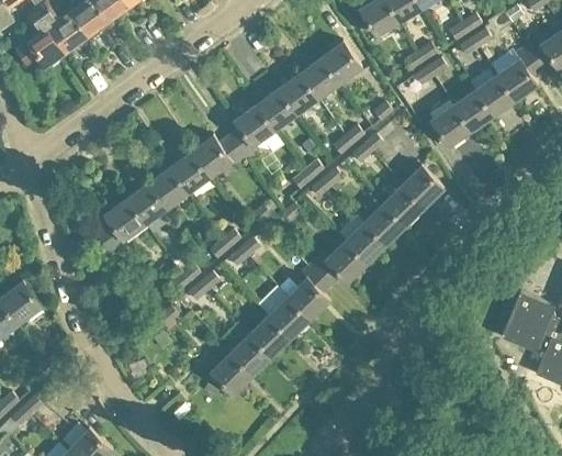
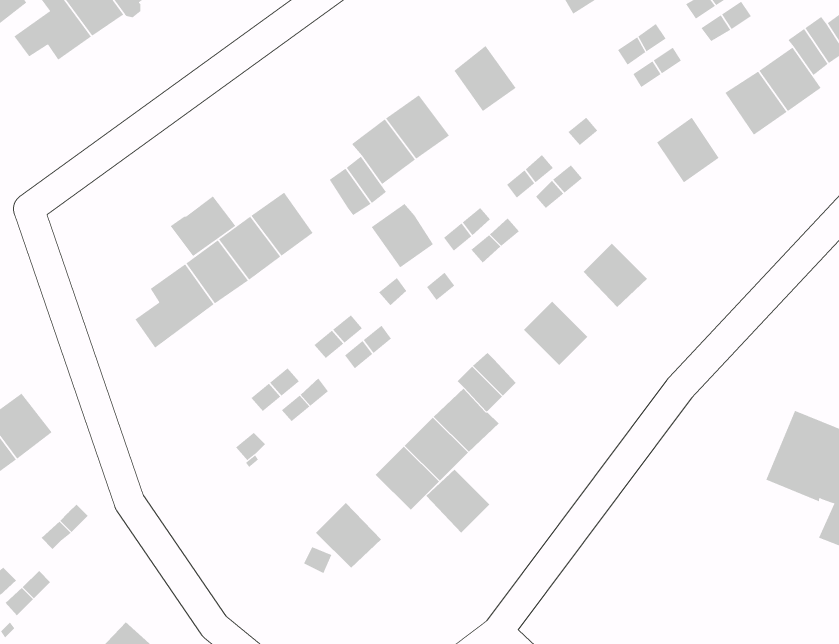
building: [321,41,362,84] -> none
building: [278,73,318,114] -> none
building: [453,87,493,129] -> none
building: [191,135,232,177] -> [371,203,434,268]
building: none -> [170,195,236,257]
building: [402,164,445,207] -> none
building: [363,202,405,244] -> none
building: [326,240,368,281] -> none
building: [231,333,272,375] -> [425,469,490,533]

